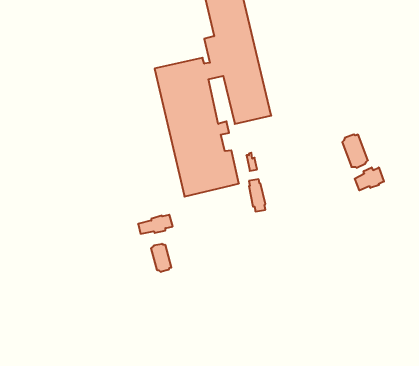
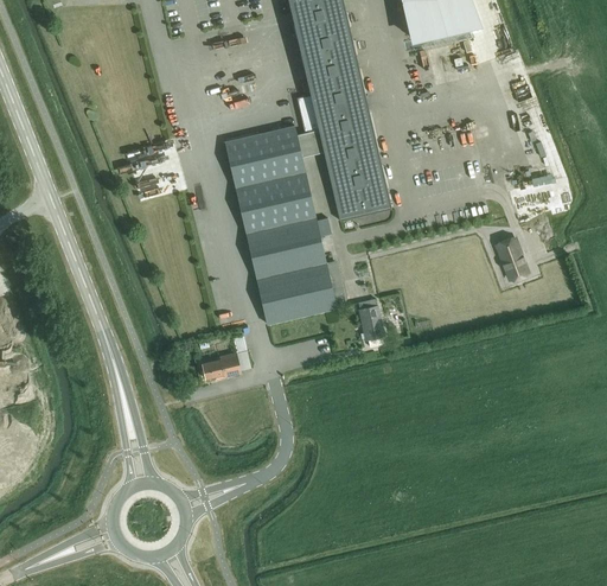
building: [355,167,384,190] -> none
building: [151,244,171,272] -> none

